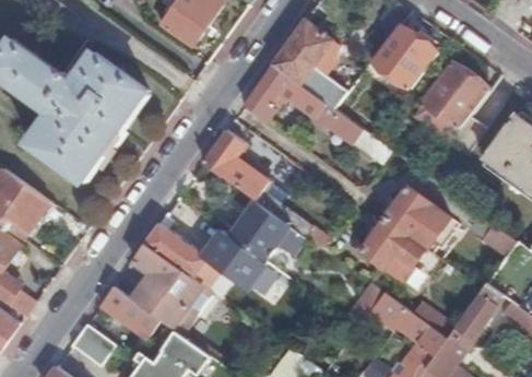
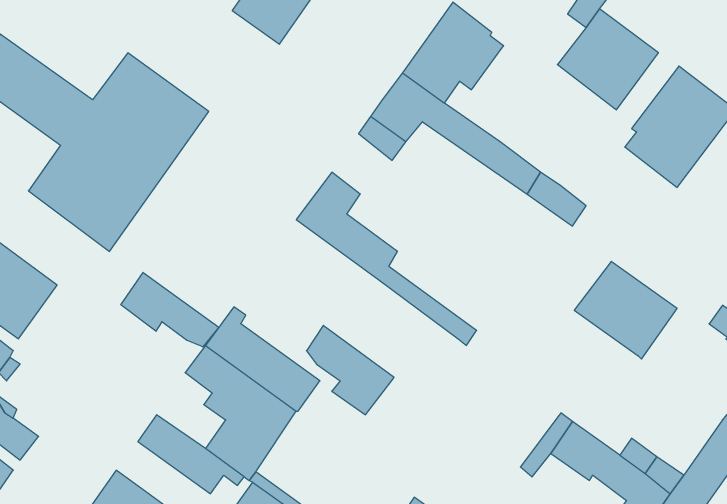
building: none -> [121,272,219,347]
building: [228,200,307,263] -> none
building: [360,220,424,281] -> none

